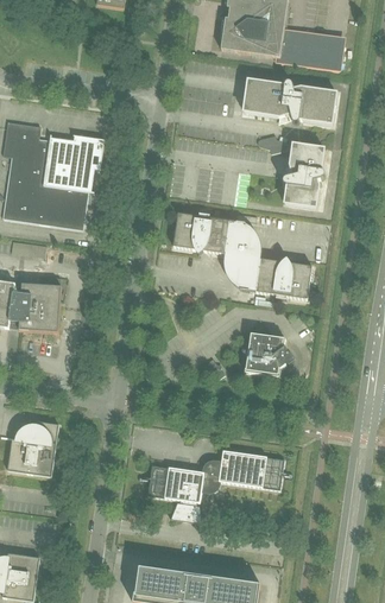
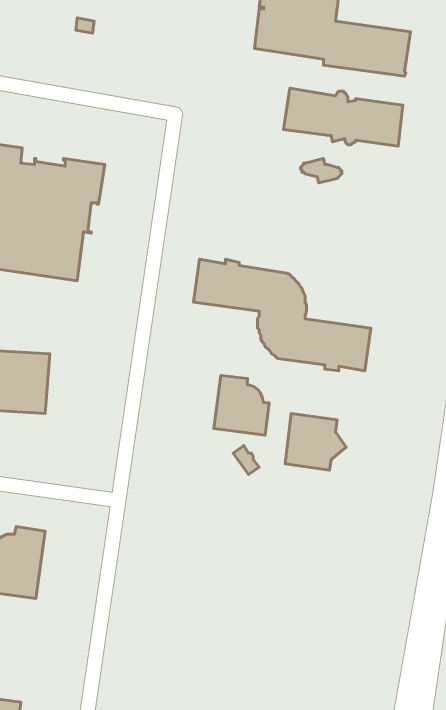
building: [283,144,324,208] -> none
building: none -> [214,375,269,435]
building: [146,450,284,522] -> none

